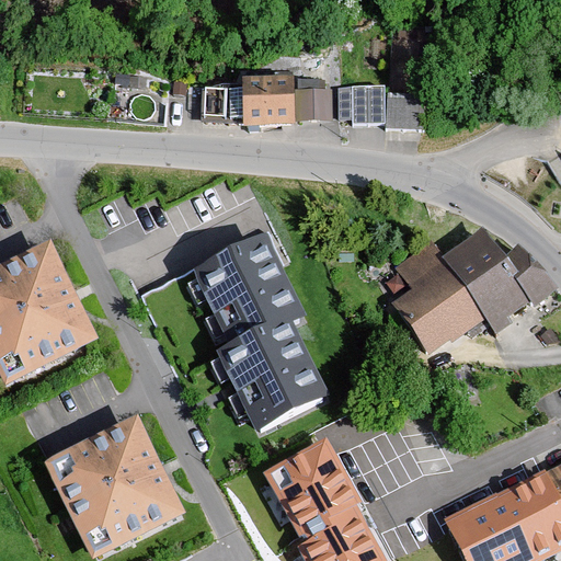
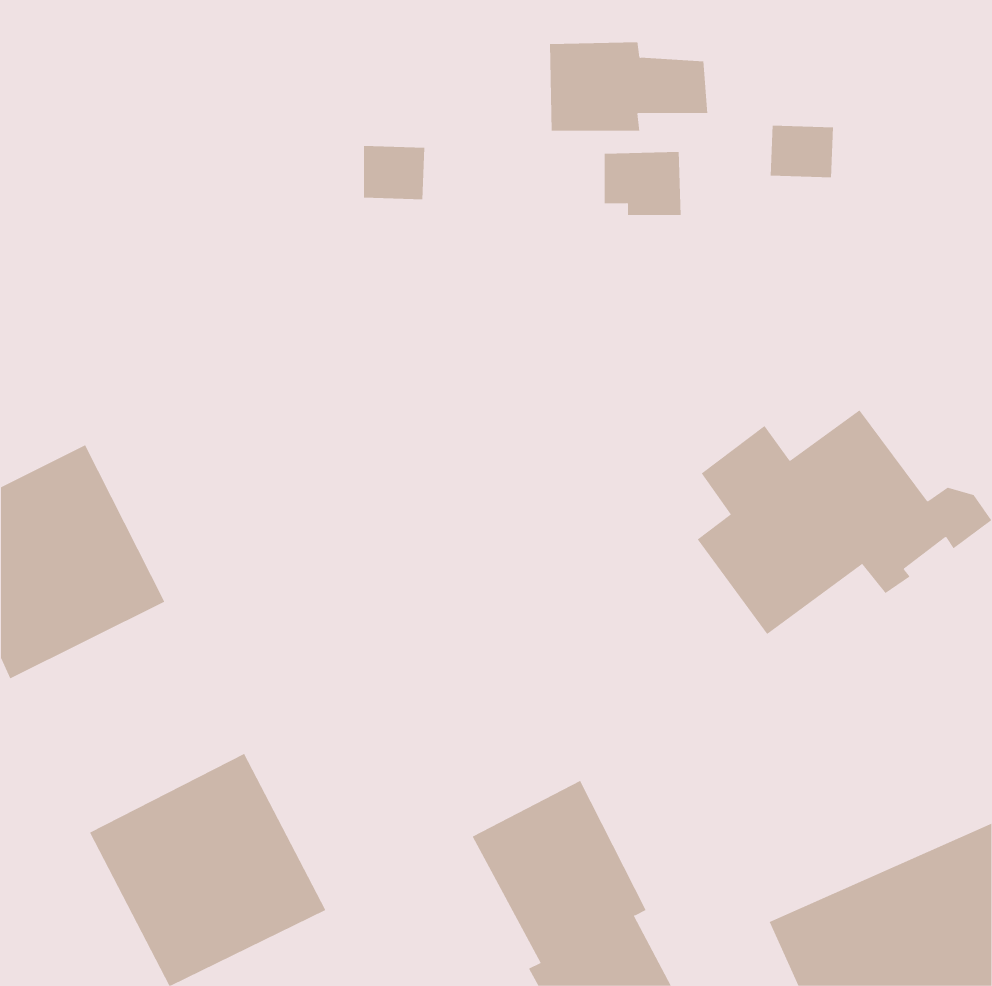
building: [243,73,333,124] -> [549,42,708,131]
building: [388,95,424,125] -> [770,125,834,178]
building: [198,245,325,432] -> none

